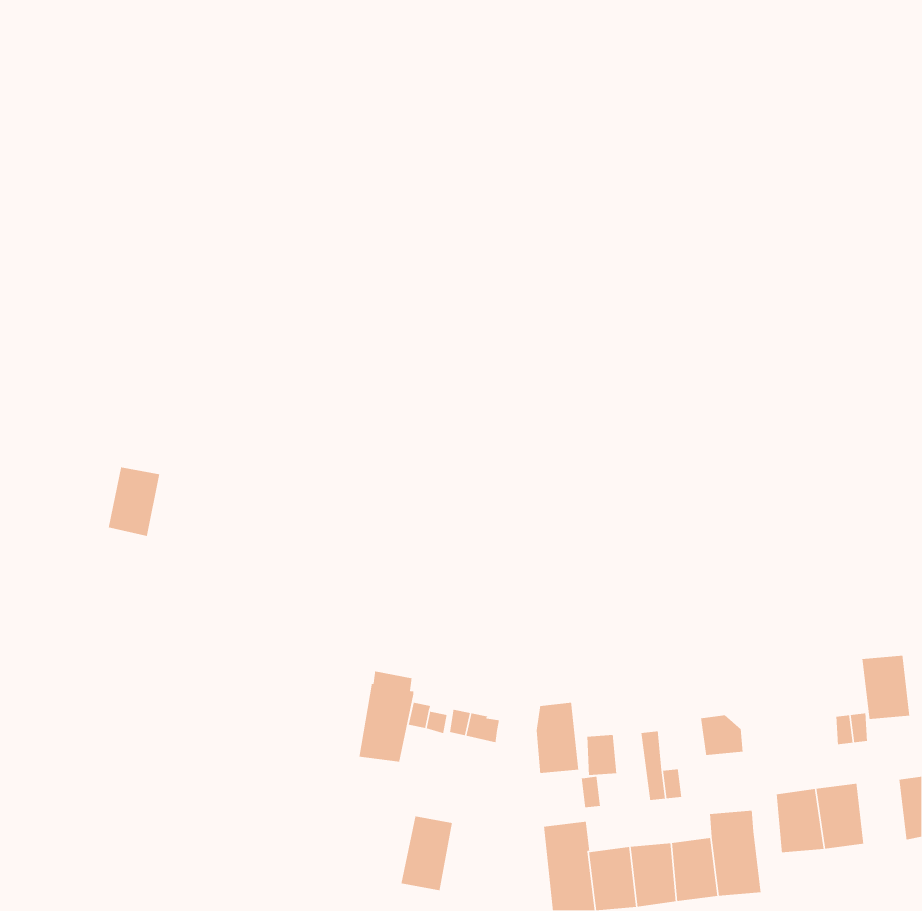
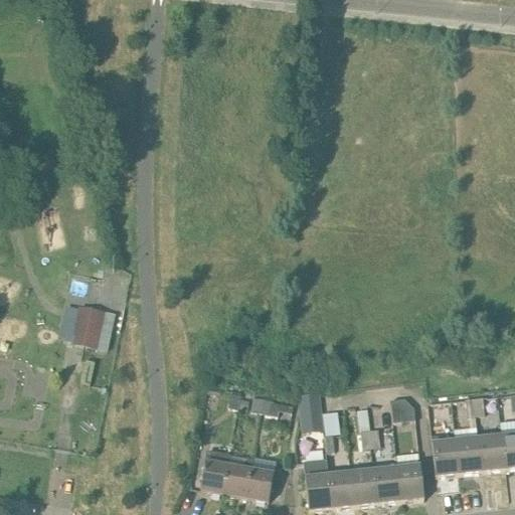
building: [108,467,160,537] -> [73,307,103,346]
building: [862,655,910,720] -> [478,435,505,471]
building: [358,671,414,763] -> [200,442,231,493]
building: none -> [245,455,276,501]

